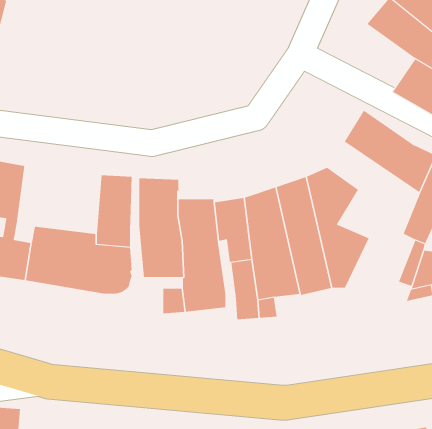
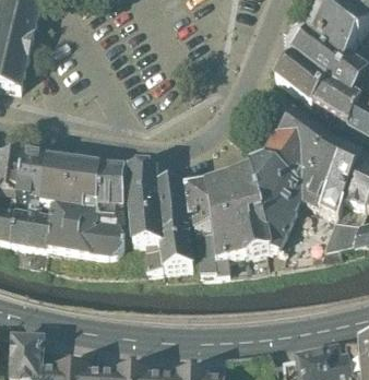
building: none -> [274,54,328,103]
building: none -> [263,139,331,209]
building: none -> [40,156,100,205]

